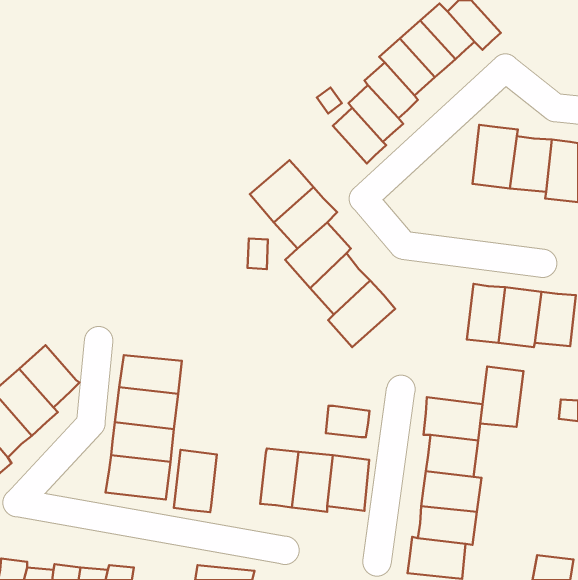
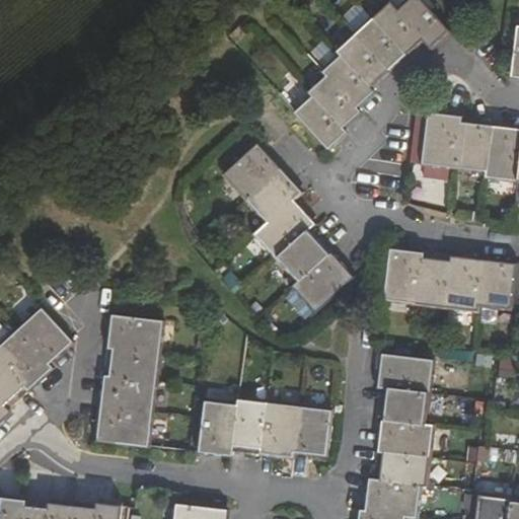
building: [480,367,523,427] -> [384,249,423,303]
building: [326,406,369,437] -> none
building: [174,450,217,512] -> [199,400,237,456]

